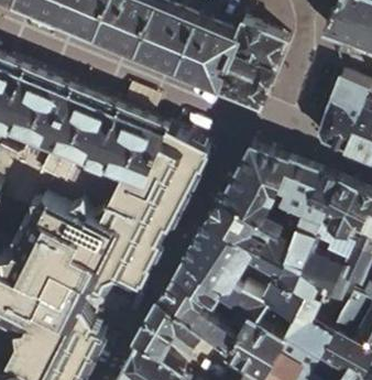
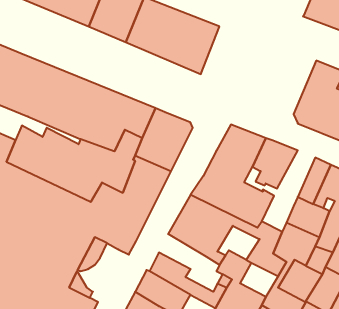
building: [216,26,285,108] -> none
building: [282,173,338,232] -> none
building: [171,262,221,304] -> none

